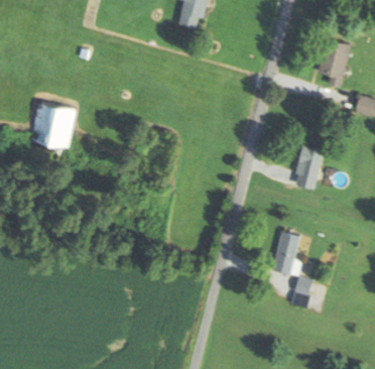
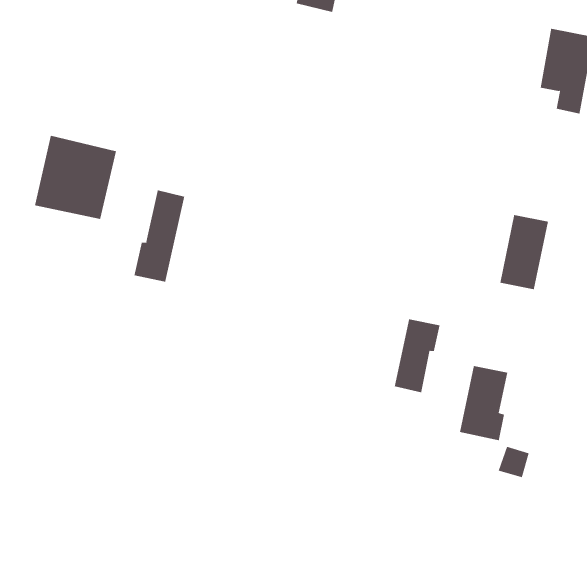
building: none -> [134,189,185,283]
building: none -> [394,318,440,393]

